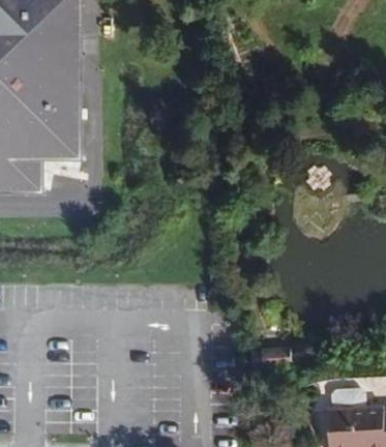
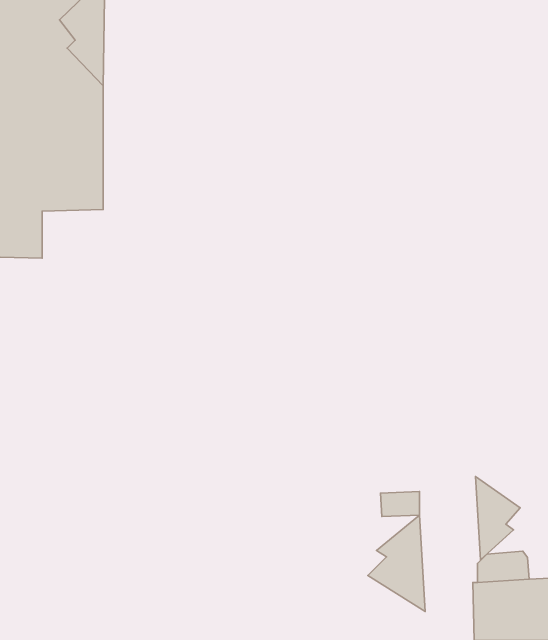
building: none -> [475,477,520,560]
building: none -> [368,515,425,611]

